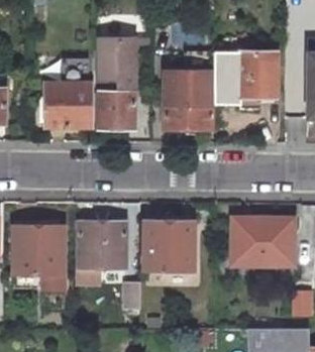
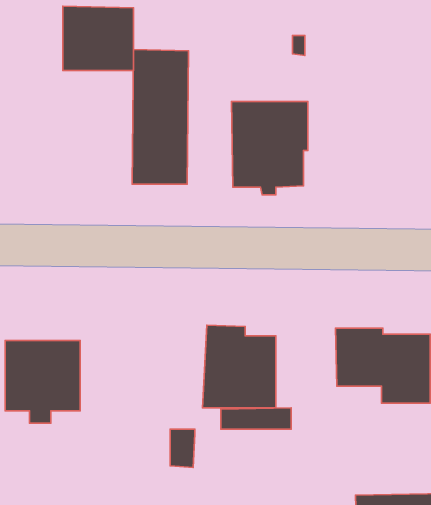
building: [215,50,276,106] -> none
building: [46,81,93,123] -> [63,6,133,70]
building: [74,222,129,286] -> none

